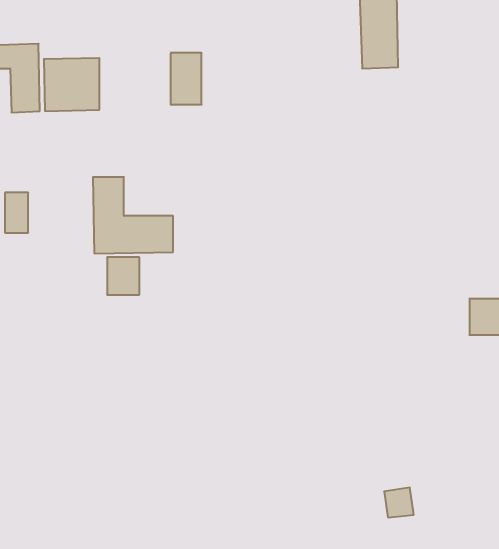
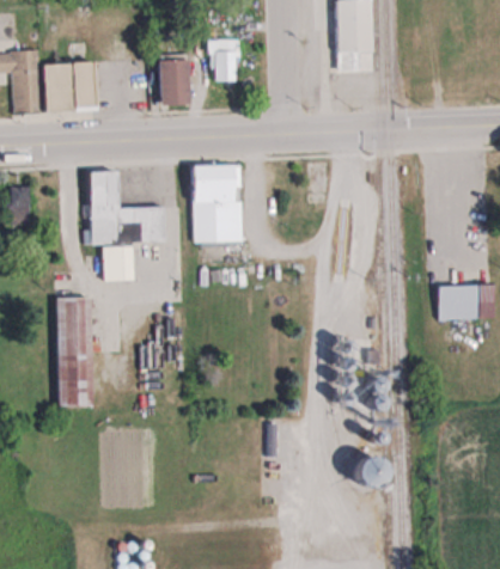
building: none -> [208,41,238,79]
building: none -> [193,166,240,243]
building: none -> [55,296,91,406]

